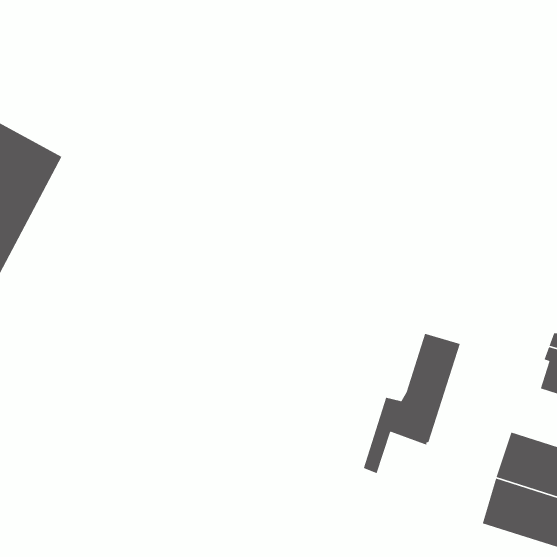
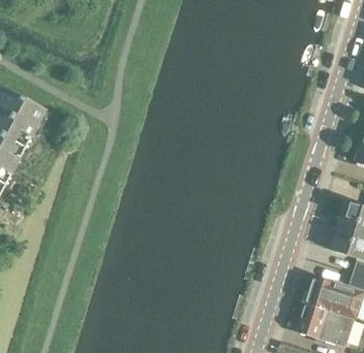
building: [363,333,461,474] -> none

